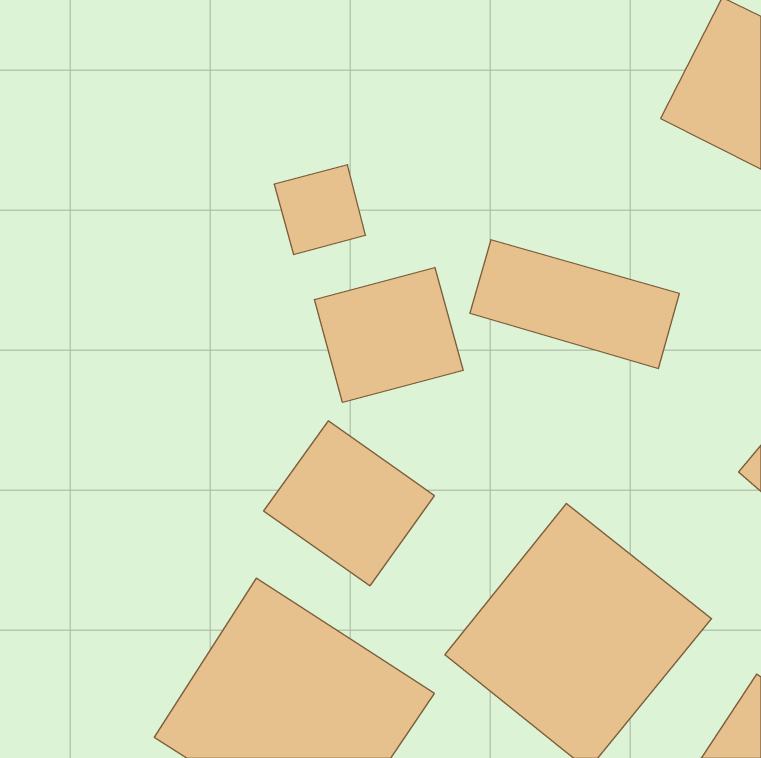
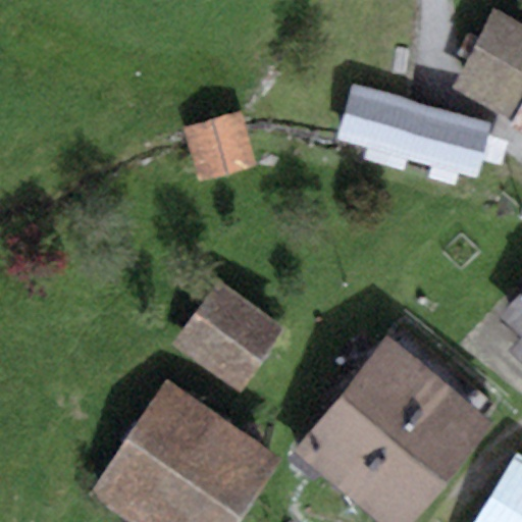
building: [470,240,679,369] -> [345,88,487,175]
building: [314,267,463,402] -> none

